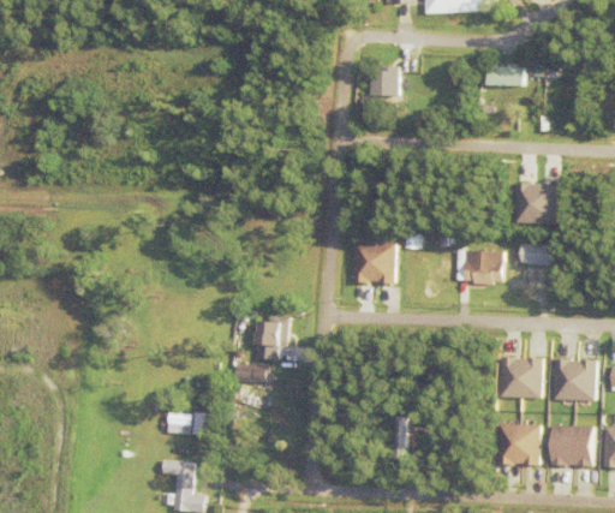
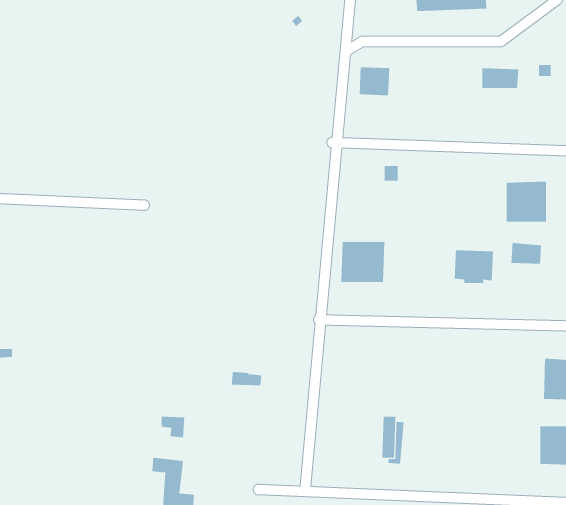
building: [258,318,291,363] -> none
building: [497,357,541,398] -> none
building: [496,424,538,465] -> none

